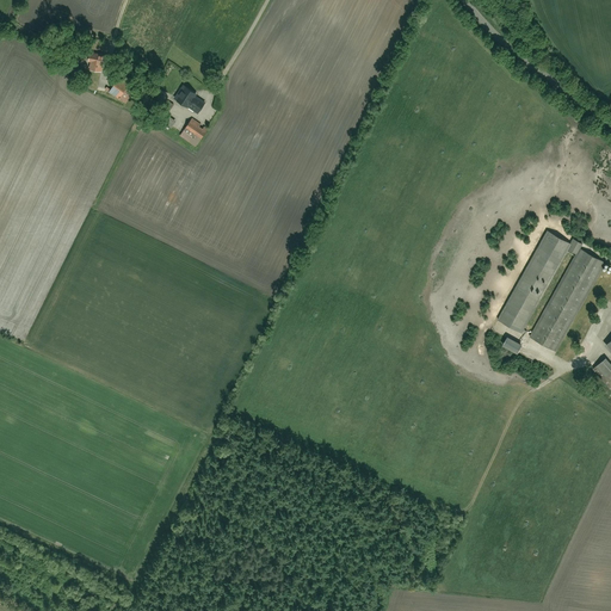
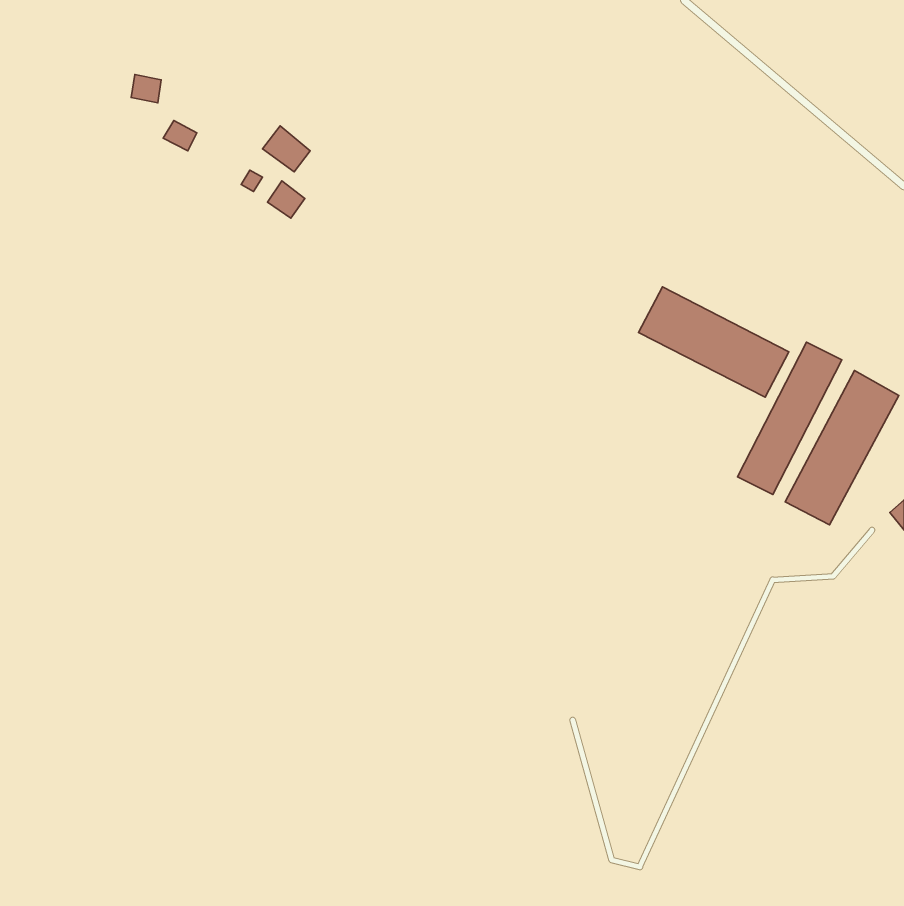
building: none -> [639,287,789,397]

